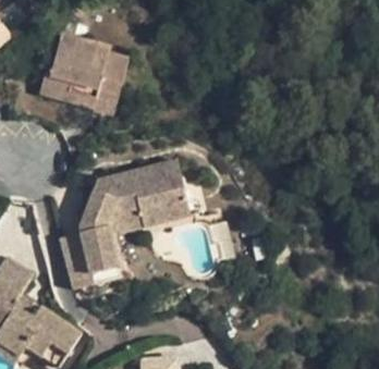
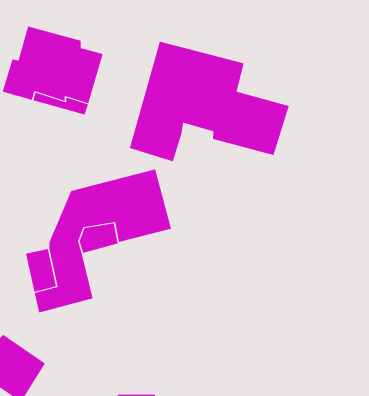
building: none -> [129,41,289,162]

